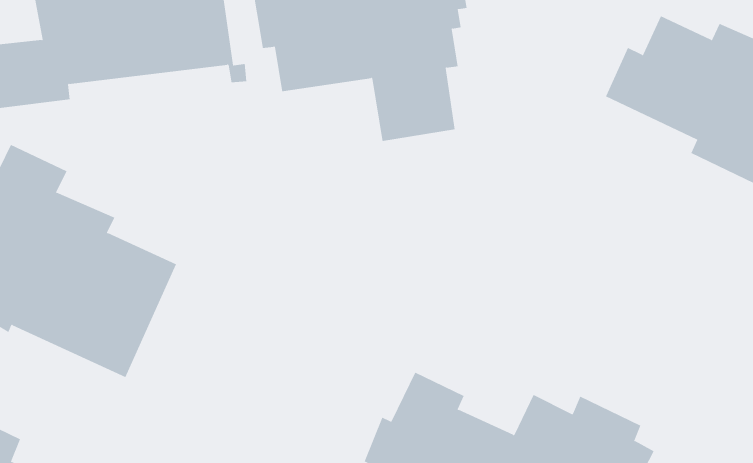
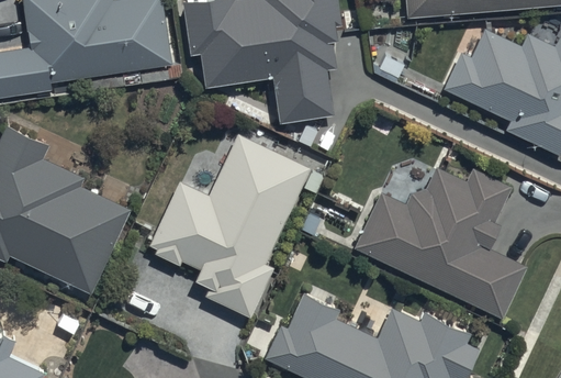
building: none -> [149,134,308,316]
building: none -> [355,168,527,319]

